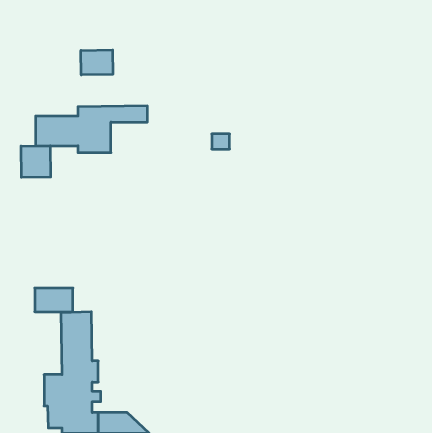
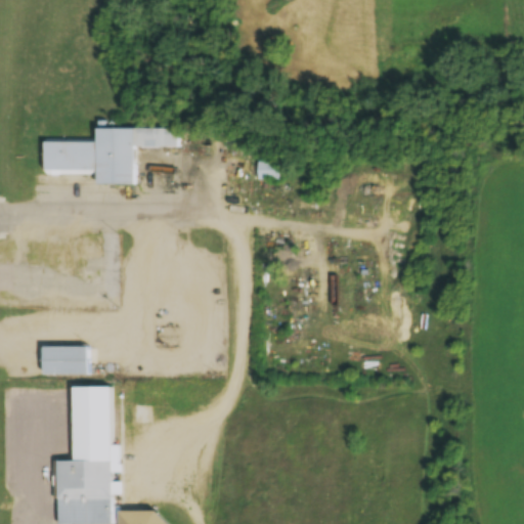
building: [81,50,113,75] -> none
building: [21,146,51,177] -> none

